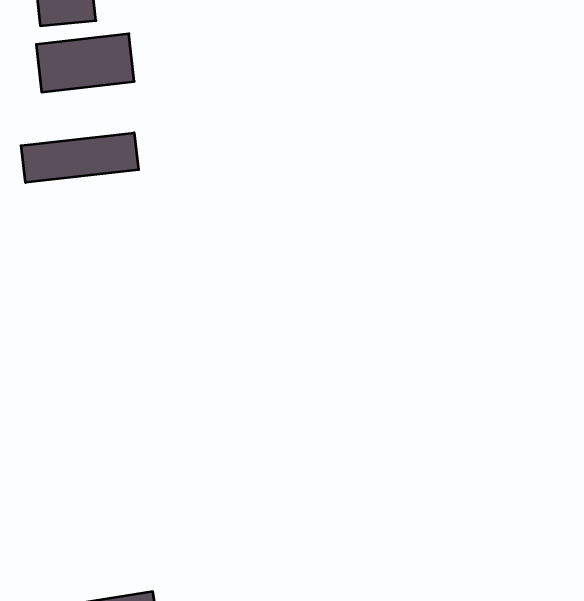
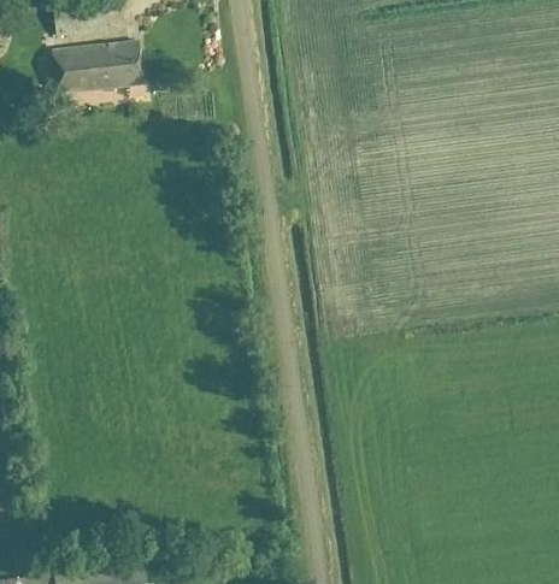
building: [21,133,139,183] -> none

